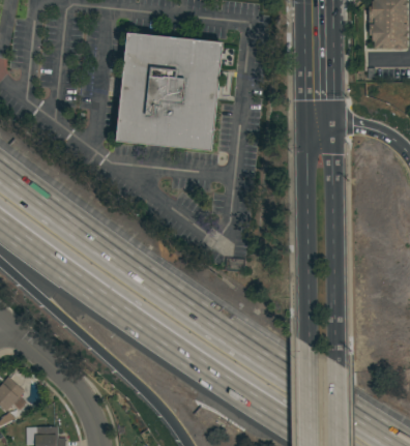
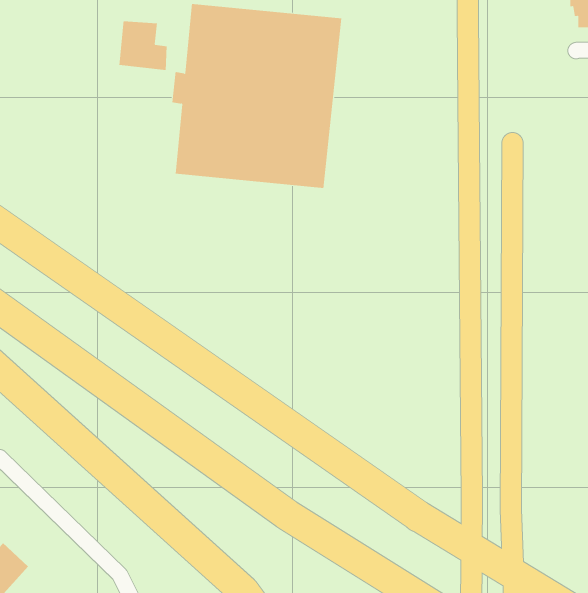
building: none -> [119,21,167,71]

